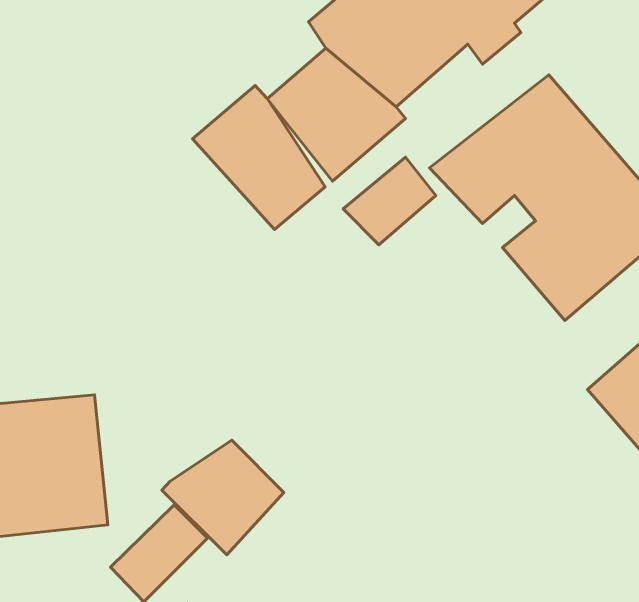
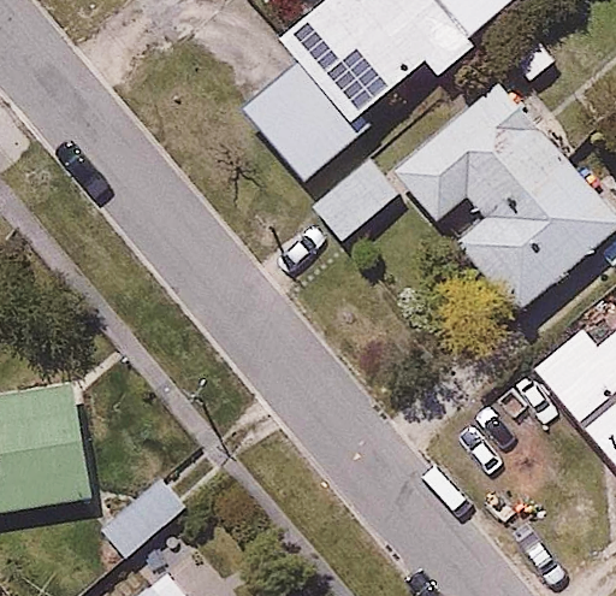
building: [192,85,325,230] -> none
building: [162,440,284,555] -> none

